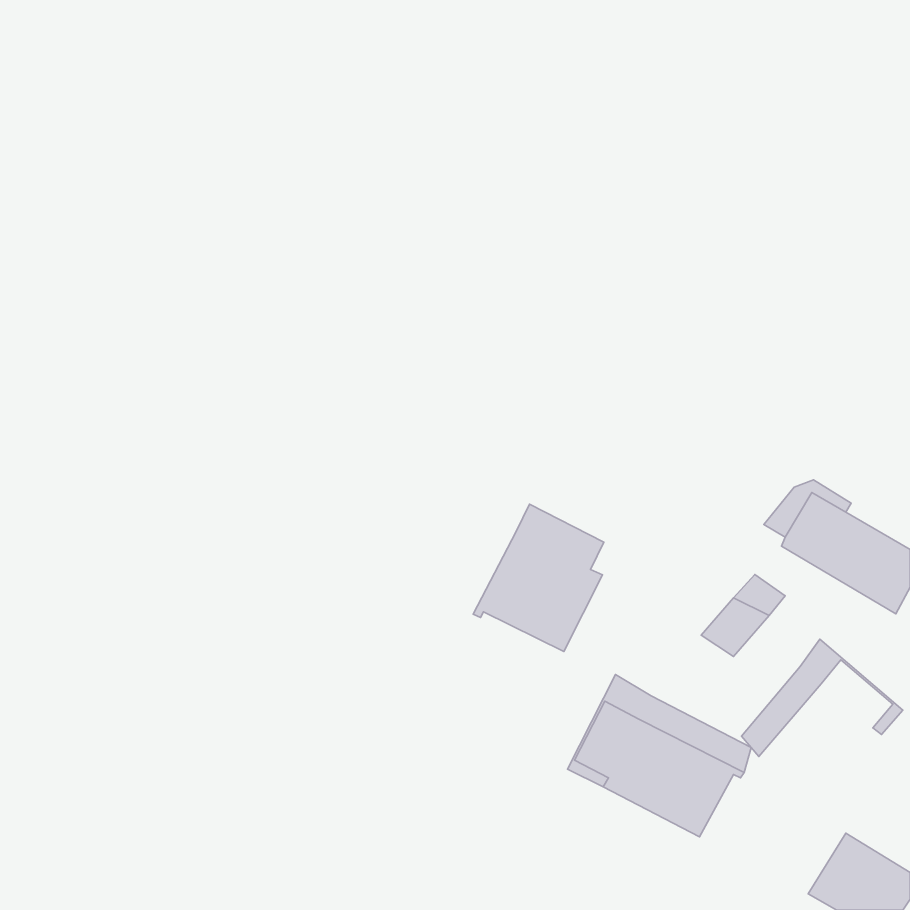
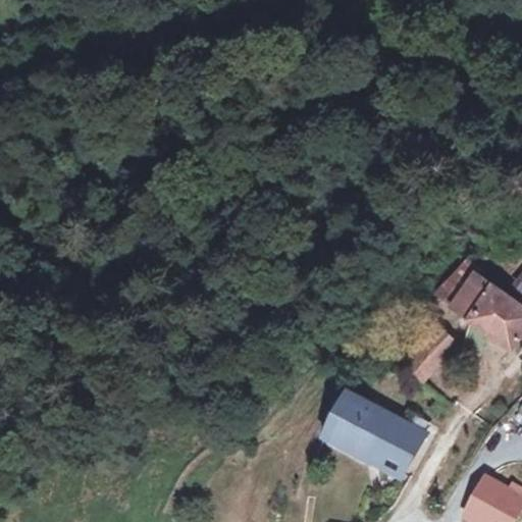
building: [473,504,604,651] -> none
building: [741,639,903,756] -> none

